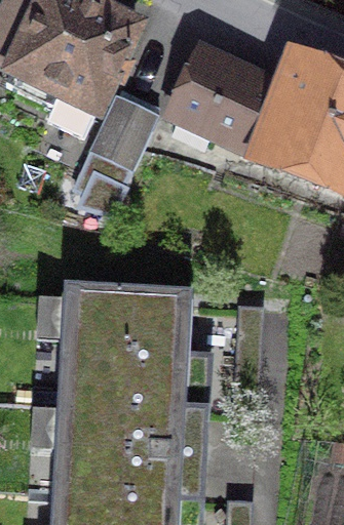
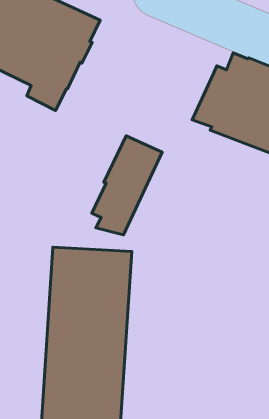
building: [176,55,273,145] -> none
building: [76,92,160,210] -> [92,136,162,235]

